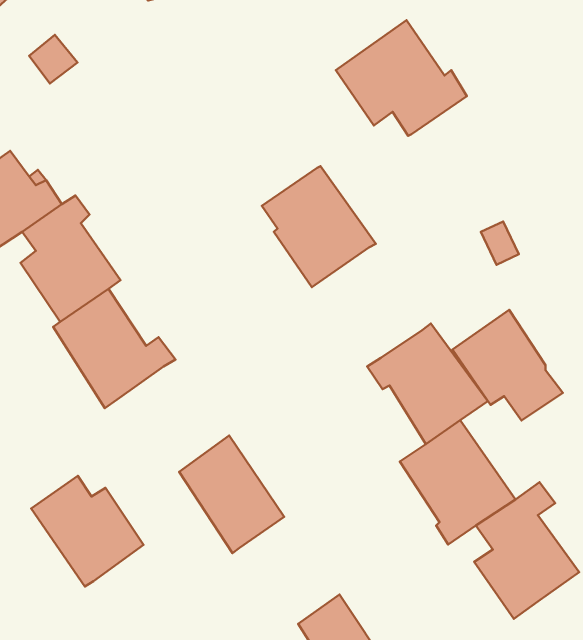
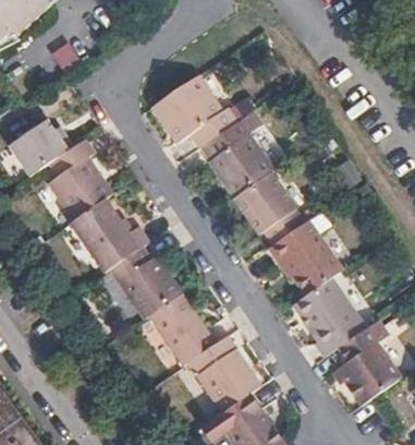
building: [336,20,467,136] -> [154,74,236,147]
building: [452,310,563,420] -> [233,172,303,242]
building: [31,476,143,586] -> [110,248,181,317]
building: none -> [187,335,260,411]

